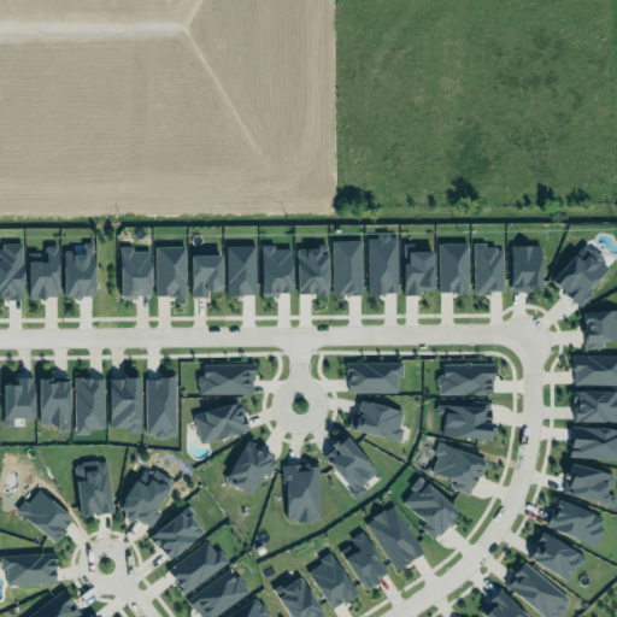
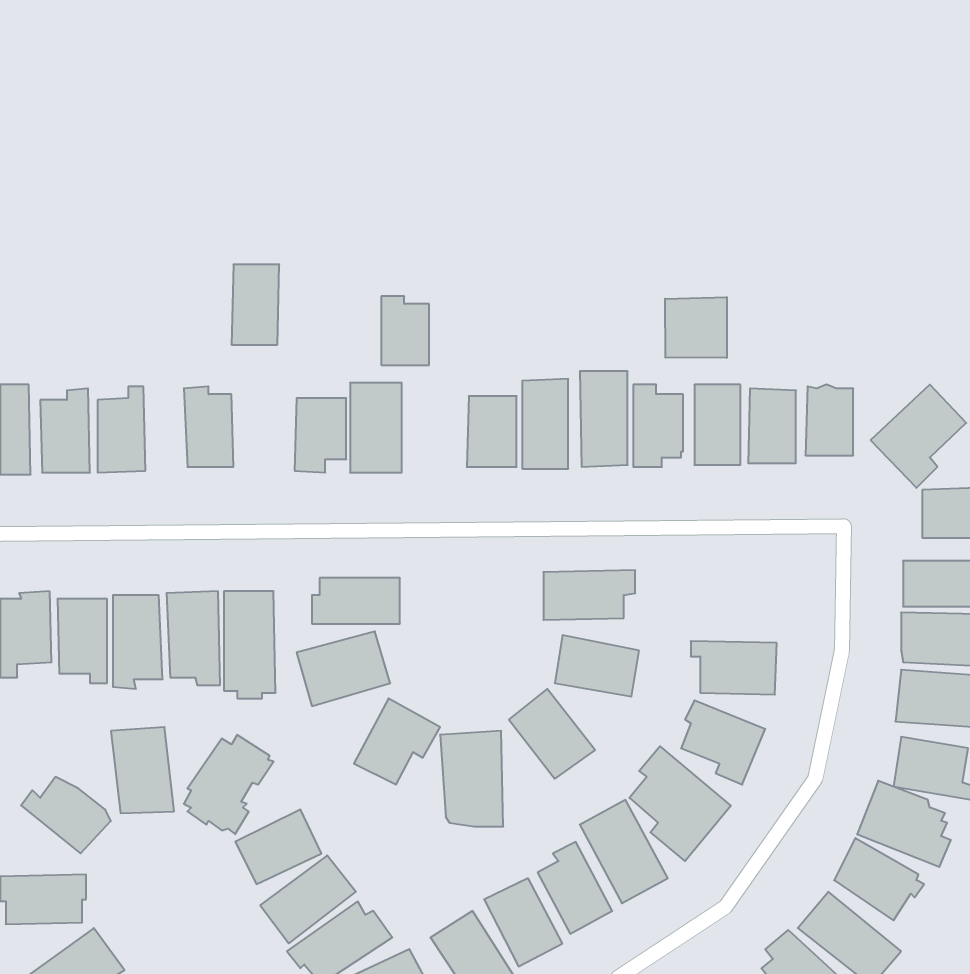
building: none -> [665,297,727,358]
building: [157,247,187,298] -> [231,264,279,345]
building: [263,247,293,290] -> [381,296,429,365]
building: [442,366,496,395] -> none

